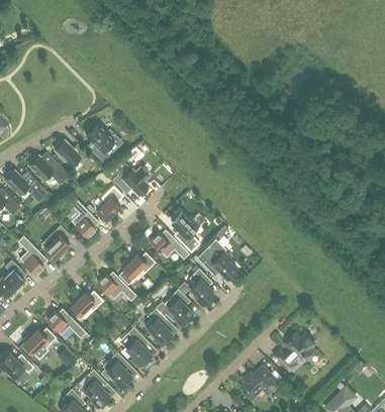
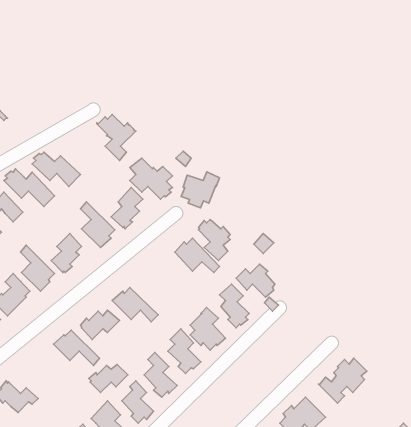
building: [55,140,89,167] -> none
building: none -> [181,172,220,208]
building: [119,252,155,284] -> none
building: [22,328,56,352] -> [89,364,128,393]

